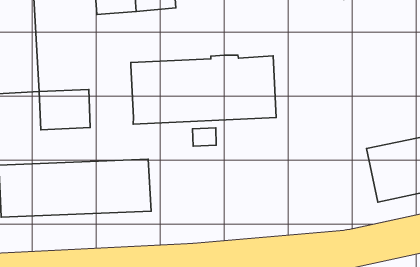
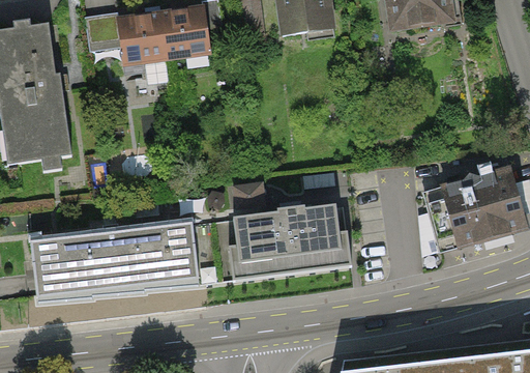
building: [131,55,276,124] -> [192,200,353,285]
building: [39,90,90,130] -> none

